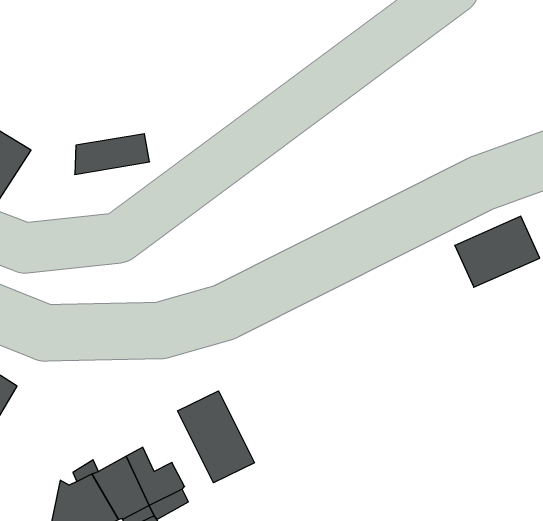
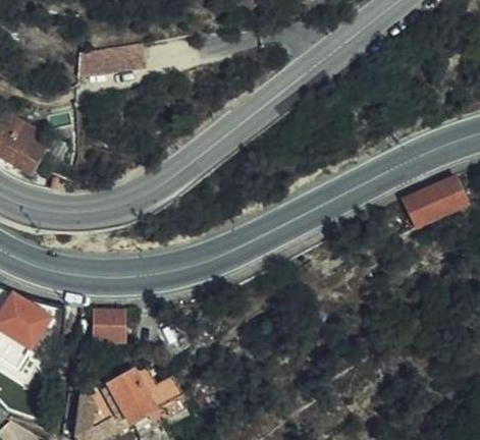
building: [75,134,150,174] -> [88,39,148,71]
building: none -> [91,309,123,338]
building: [178,391,254,483] -> none

